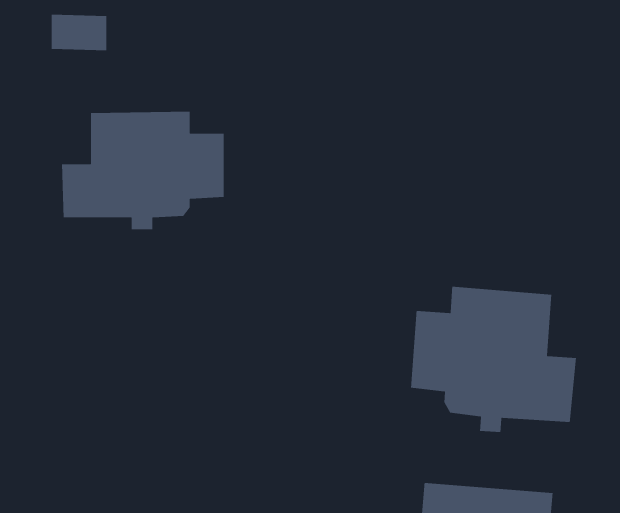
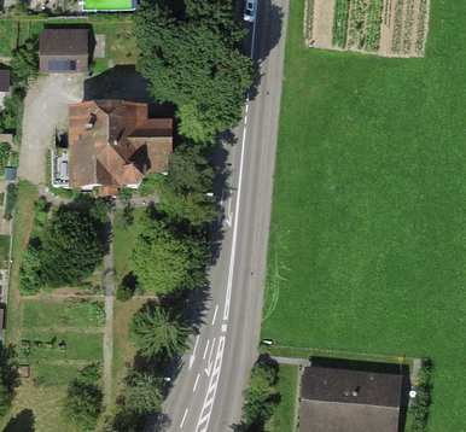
building: [410,286,577,433] -> none

